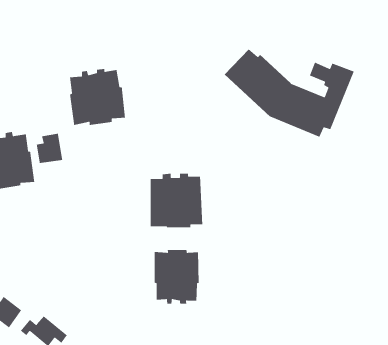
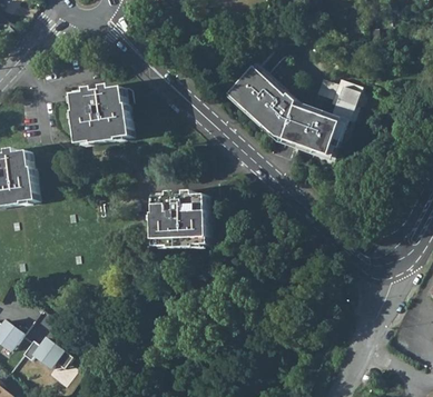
building: [36,133,63,164] -> none
building: [154,249,200,304] -> none

